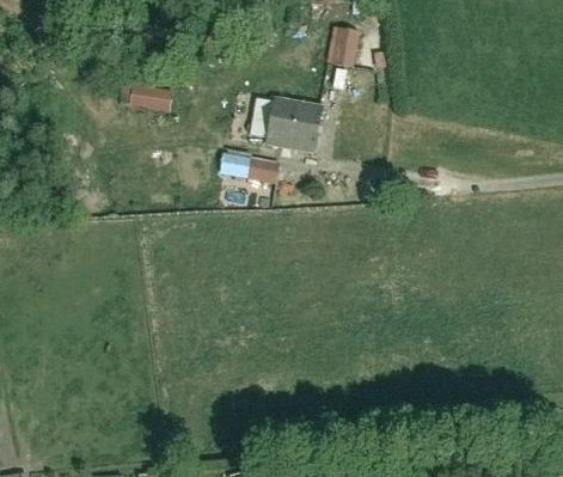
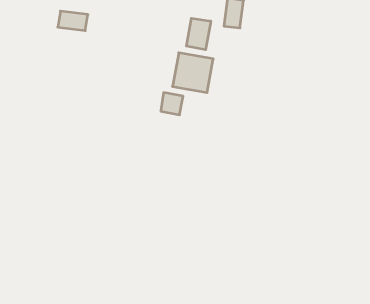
building: none -> [186,18,211,50]
building: [130,86,171,112] -> [58,11,88,31]

